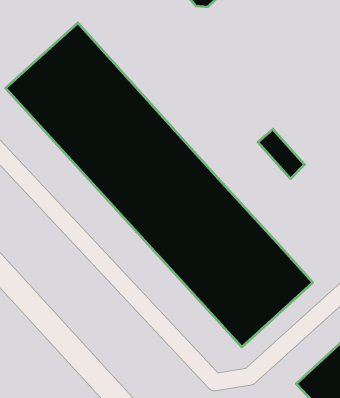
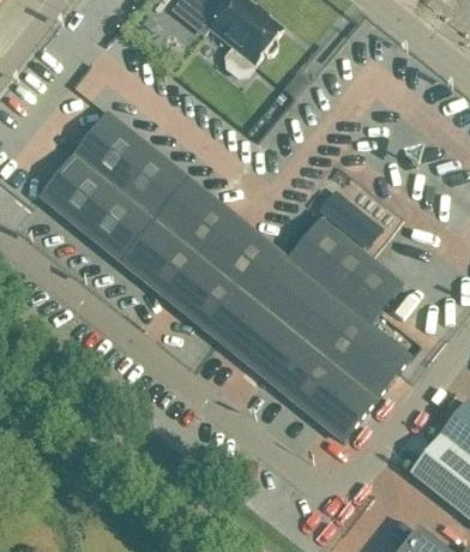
building: none -> [289,218,402,324]

